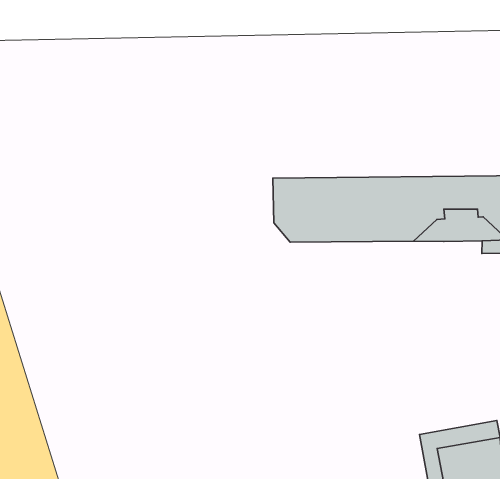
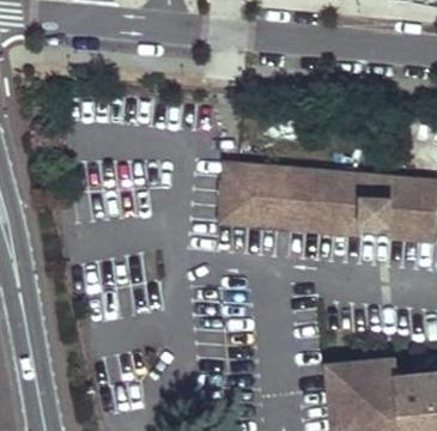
building: none -> [223,165,362,235]

